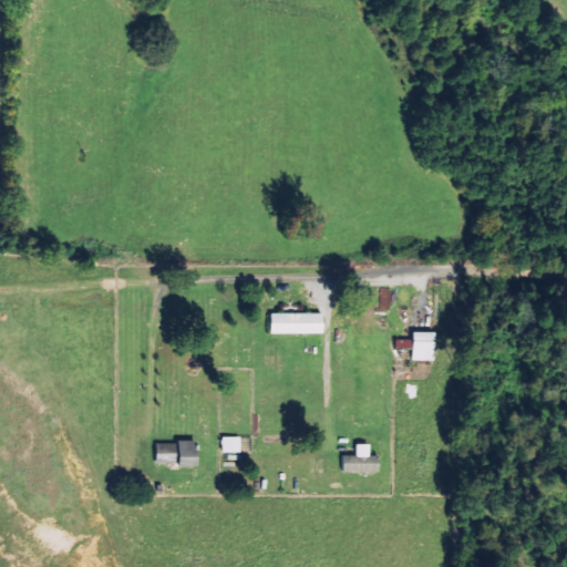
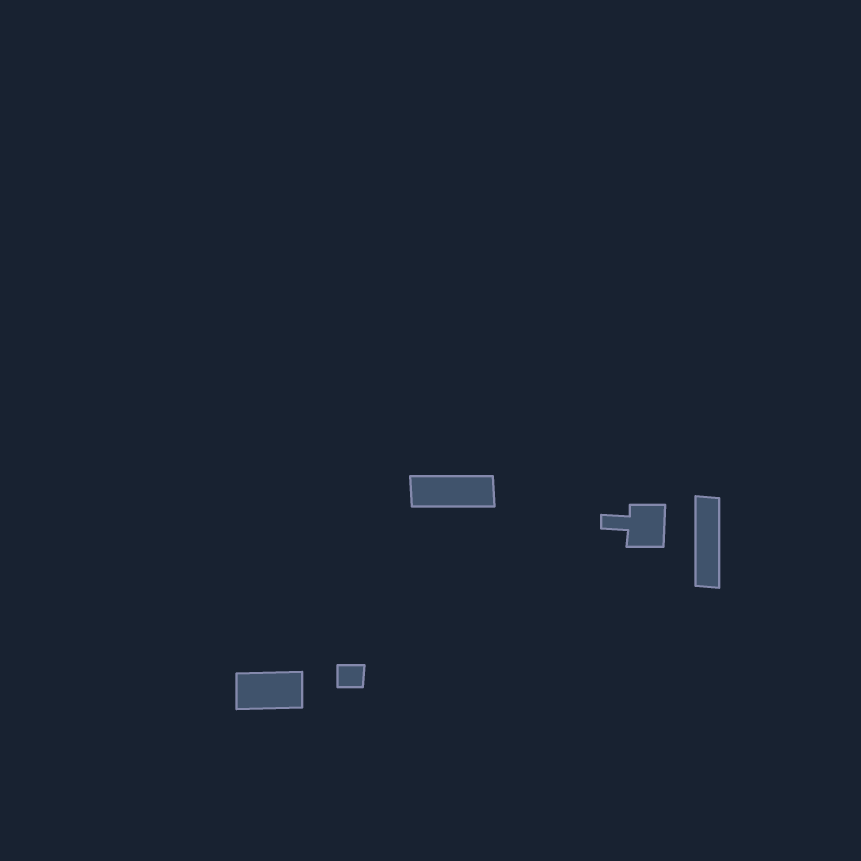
building: none -> [695,496,719,588]
building: [338,444,380,472] -> none

